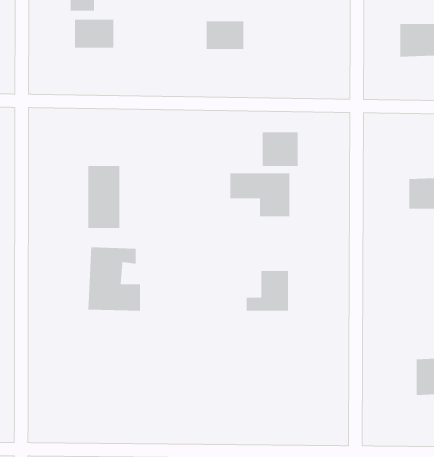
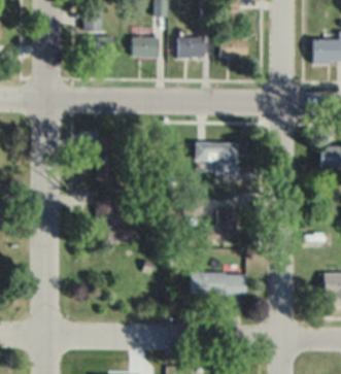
building: none -> [133,37,161,58]
building: none -> [220,38,248,58]
building: [262,132,298,167] -> none
building: none -> [191,274,246,297]

